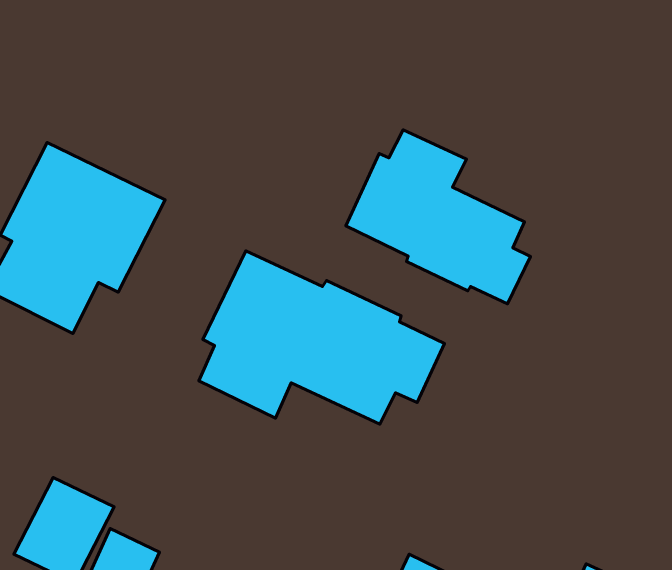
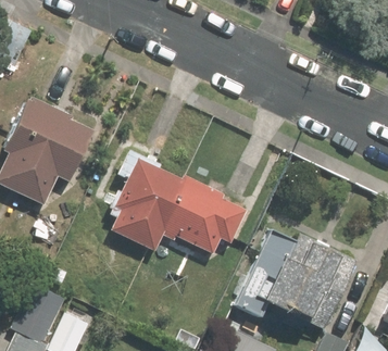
building: [346,130,530,304] -> none
building: none -> [263,234,356,327]

